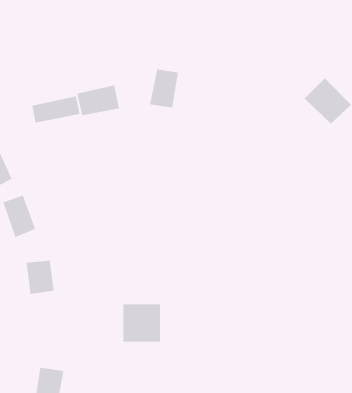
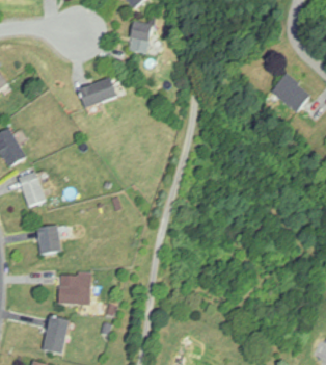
building: [149,69,179,108] -> [127,21,152,54]
building: [32,95,80,123] -> none
building: [123,304,161,342] -> [58,272,90,305]

